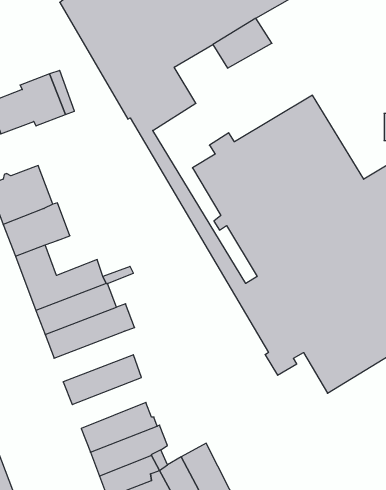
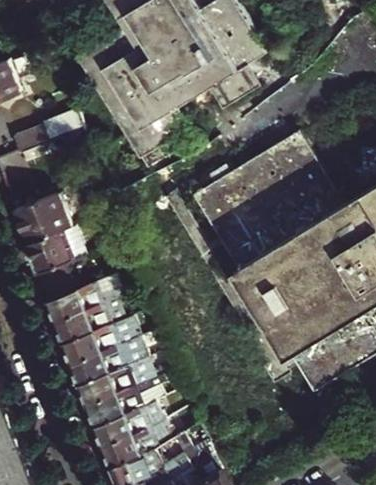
building: none -> [70,339,140,384]
building: none -> [86,380,151,425]

